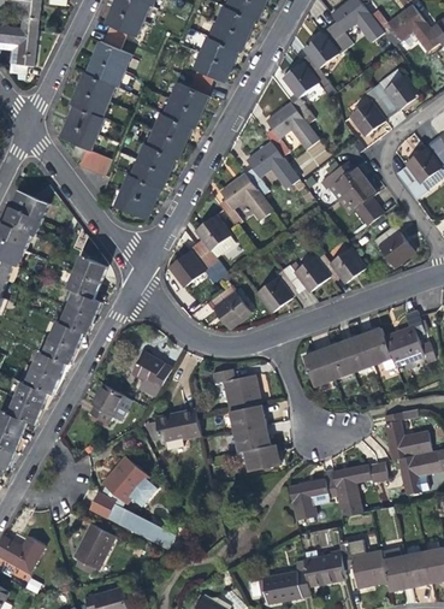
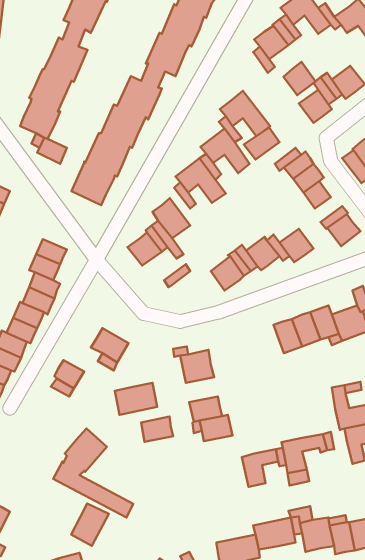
building: [284,61,318,96] -> [283,62,315,95]
building: [215,291,250,326] -> none
building: [304,348,335,385] -> none
building: [231,403,265,430] -> [141,417,173,442]
building: [76,525,116,569] -> [71,504,109,546]

